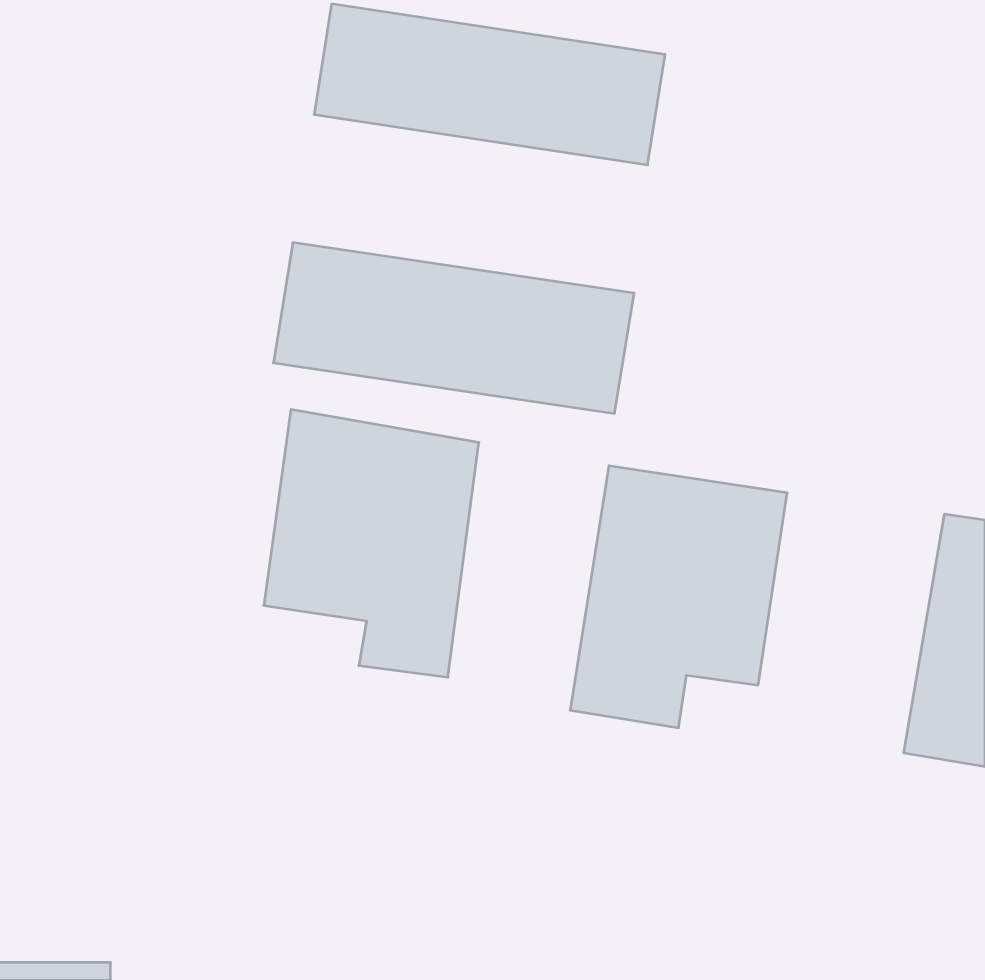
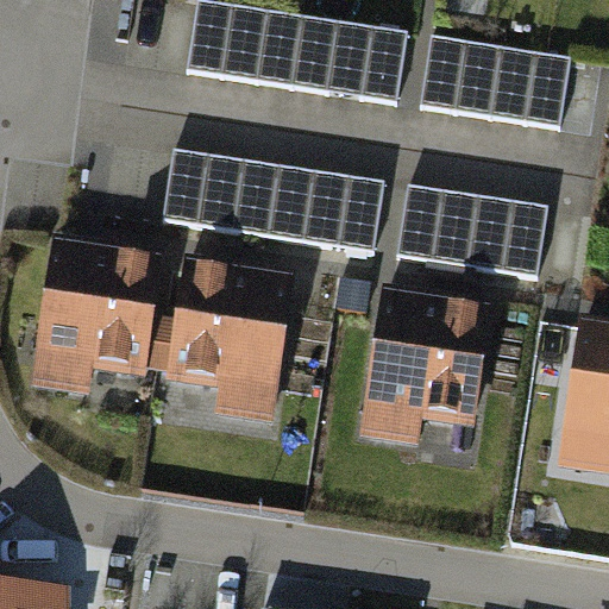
building: none -> [426,37,571,128]
building: none -> [401,188,552,278]
building: none -> [27,232,163,390]

